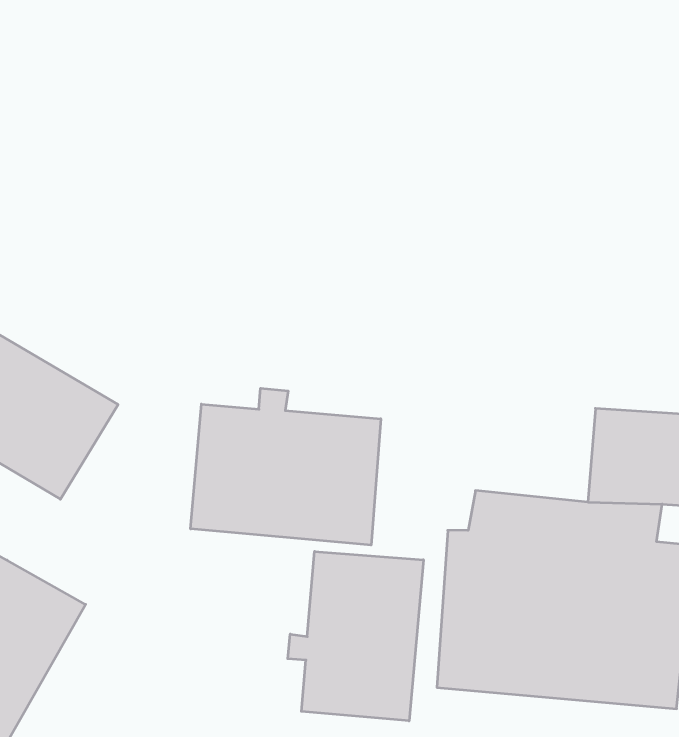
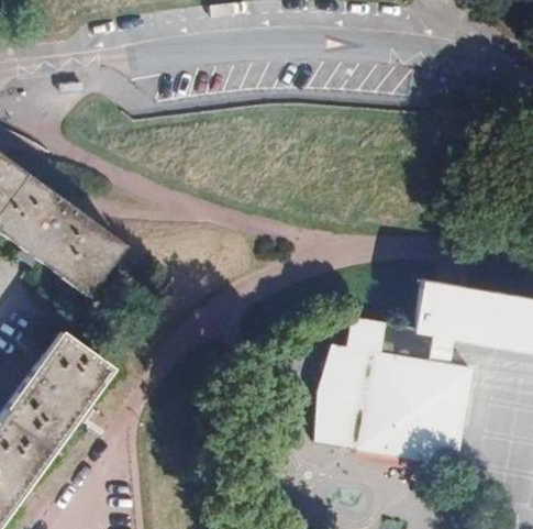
building: [191,388,381,545] -> none
building: [288,551,423,721] -> none

